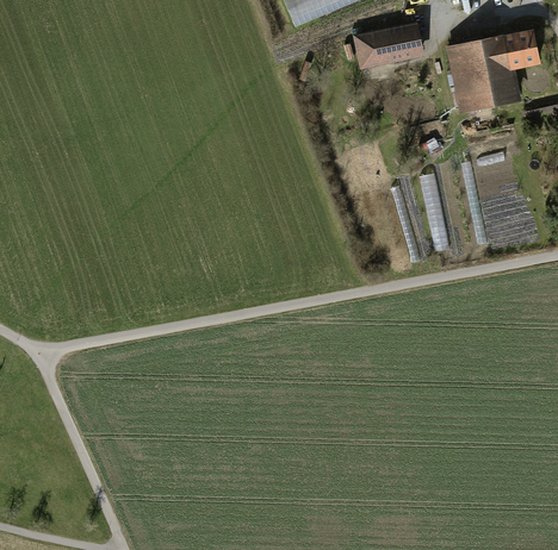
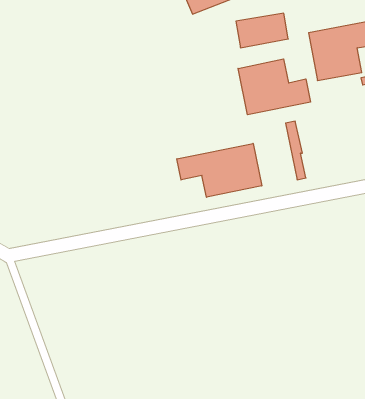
building: none -> [238,59,310,115]
building: none -> [177,143,262,197]

